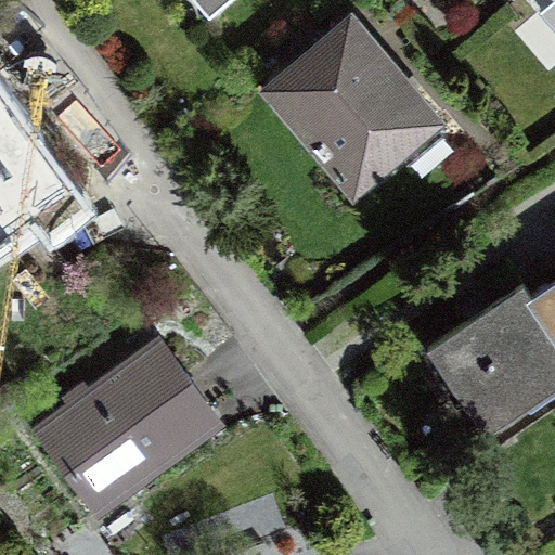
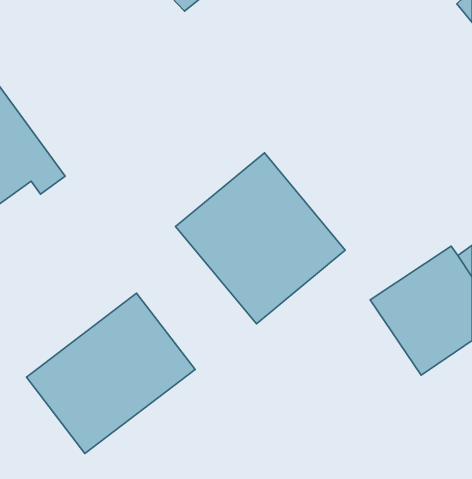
building: [278,24,444,194] -> none
building: none -> [176,153,345,324]

